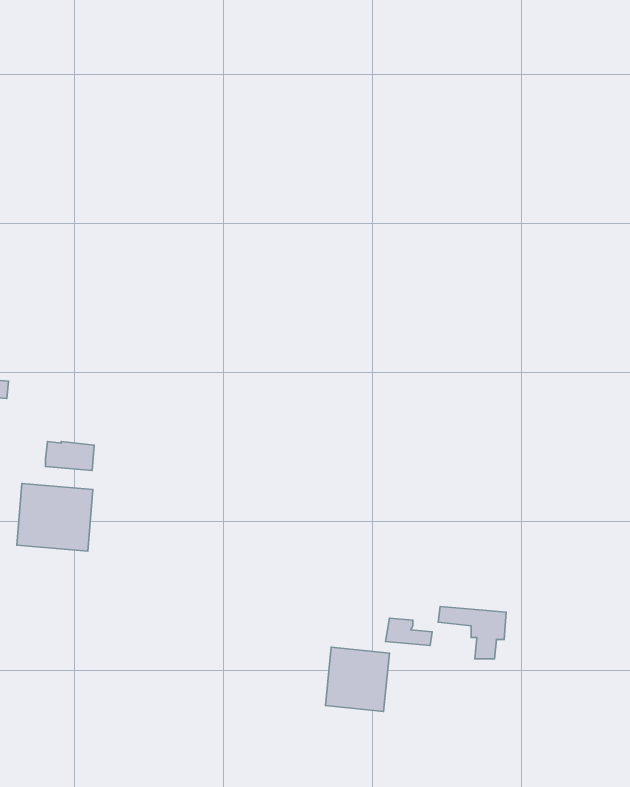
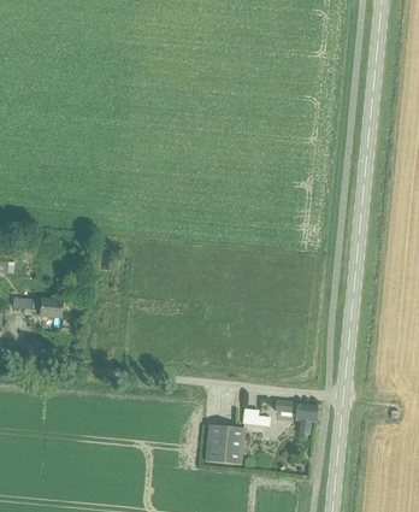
building: [17,484,93,551] -> none

